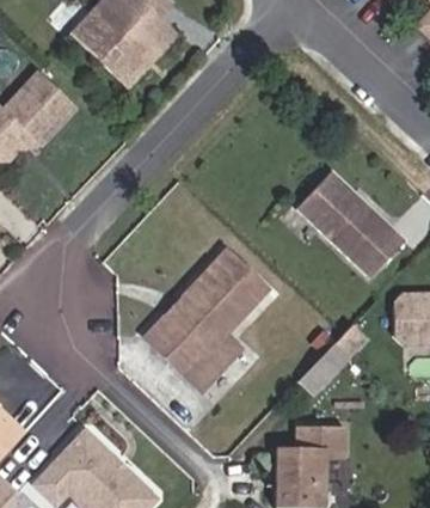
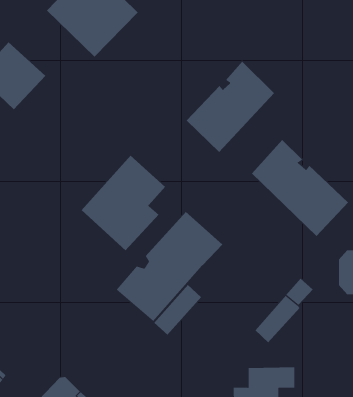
building: none -> [186,61,275,153]
building: none -> [81,155,166,251]

